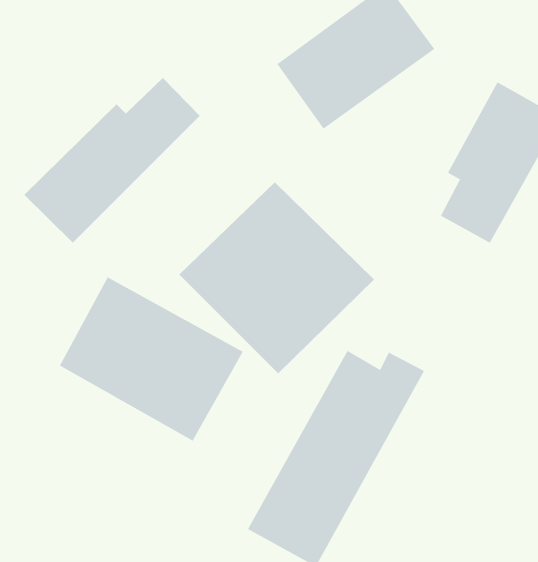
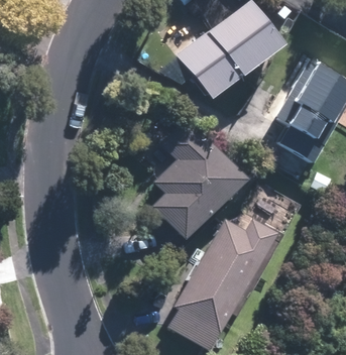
building: [24,77,201,244] -> none
building: [59,277,243,441] -> none

